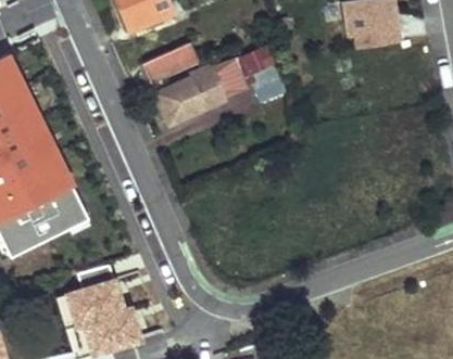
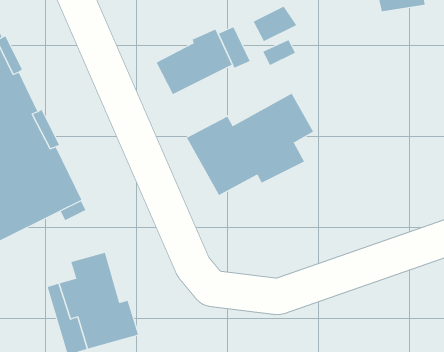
building: [140,44,194,82] -> none
building: none -> [186,93,314,196]

